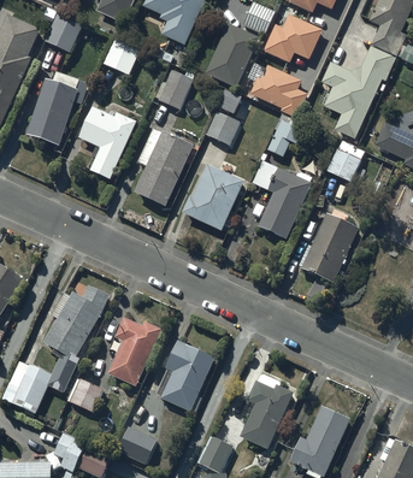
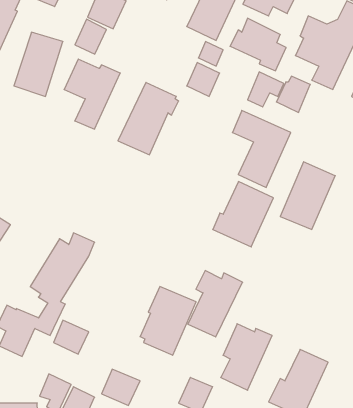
building: [158,72,190,108] -> [75,19,106,54]
building: [328,143,362,181] -> [276,76,310,112]
building: [182,163,244,230] -> [213,182,273,247]
building: [107,317,164,385] -> [188,271,243,337]

